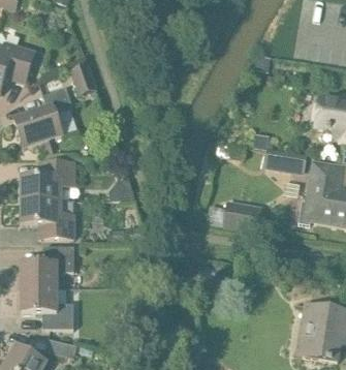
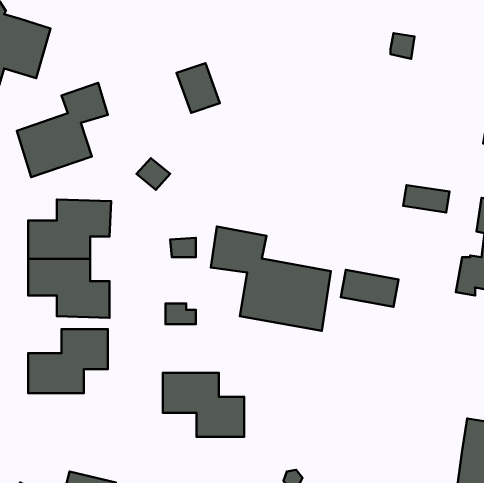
building: [69,63,97,95] -> [177,63,220,113]
building: none -> [211,226,331,331]
building: [21,287,73,329] -> [163,373,244,437]

